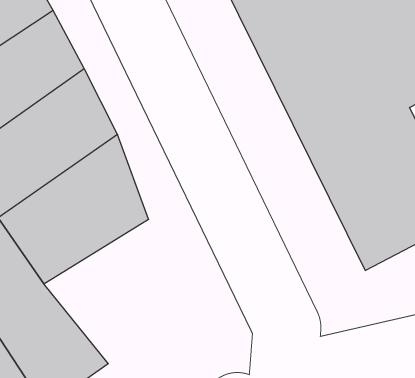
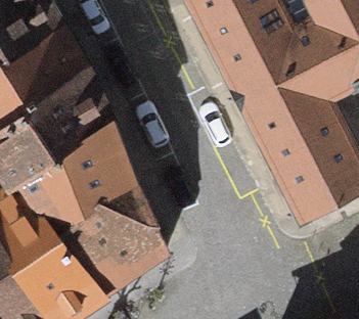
building: none -> [54,184,166,293]

